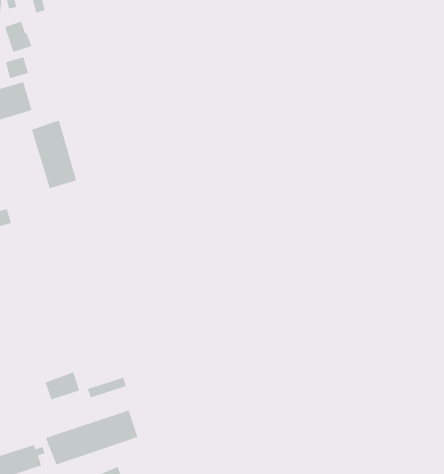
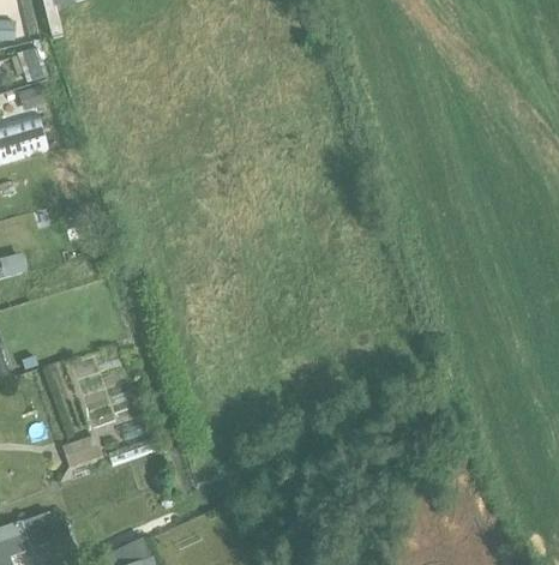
building: [31,119,77,189] -> none
building: [45,410,139,465] -> none

